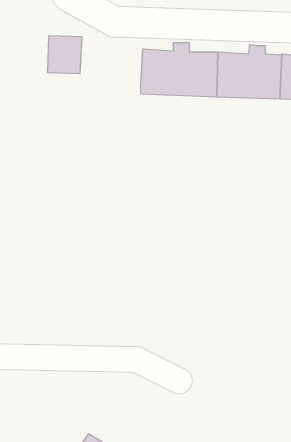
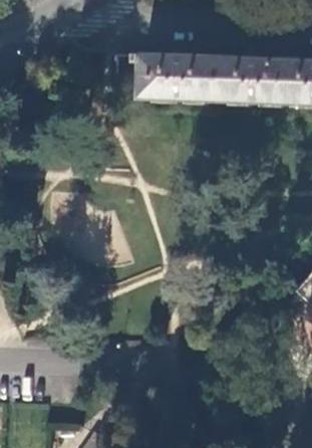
building: [47,36,82,74] -> [112,51,146,88]

